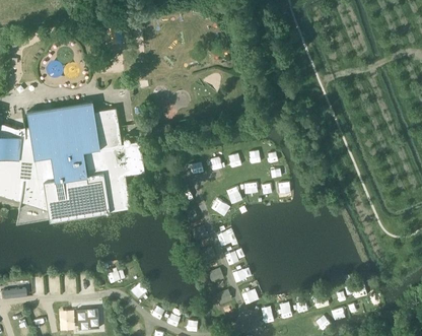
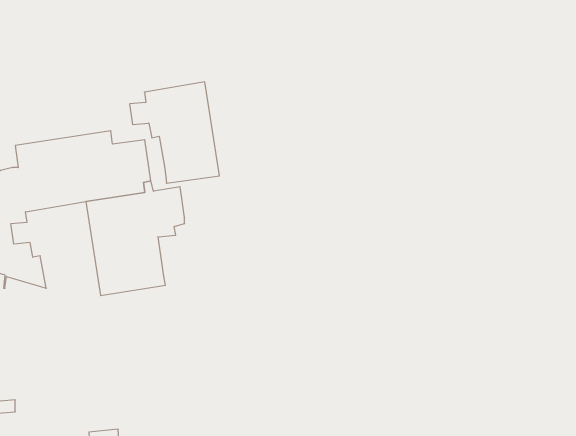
building: [23,151,85,221] -> [130,82,219,183]

